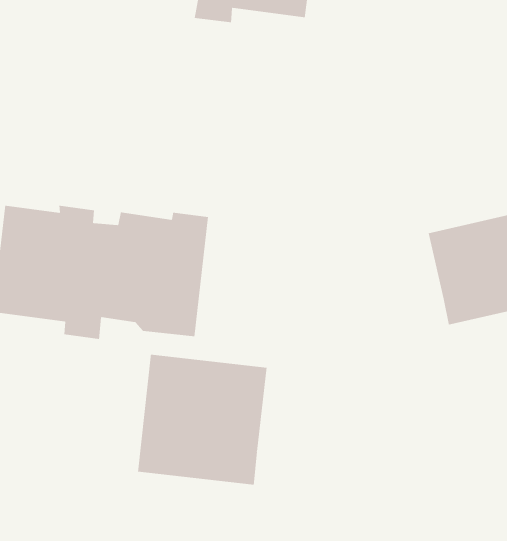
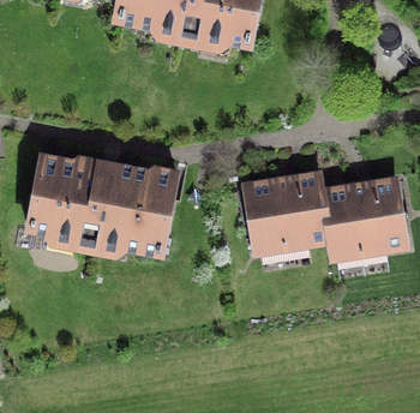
building: none -> [244,175,328,250]
building: [138,354,267,486] -> none

